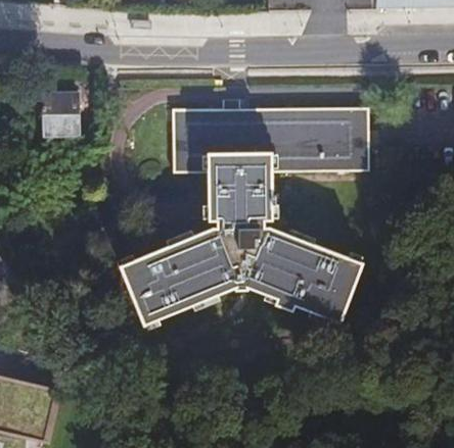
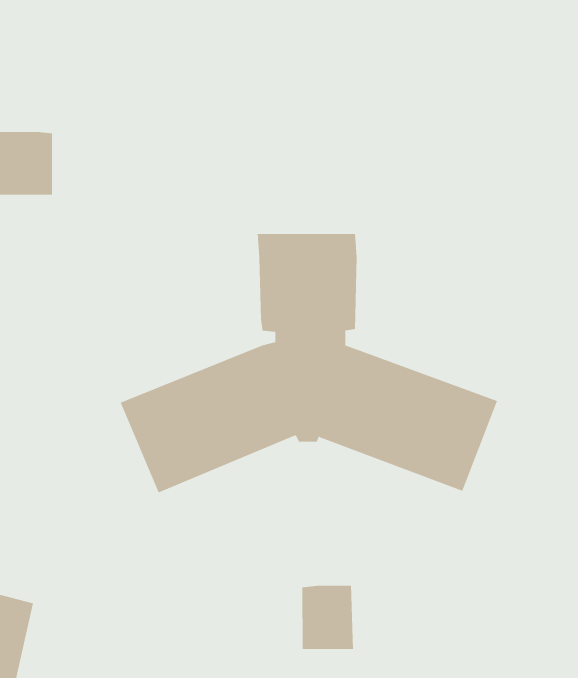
building: [175,112,371,172] -> none
building: none -> [302,585,353,650]

